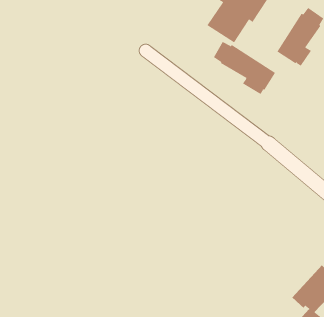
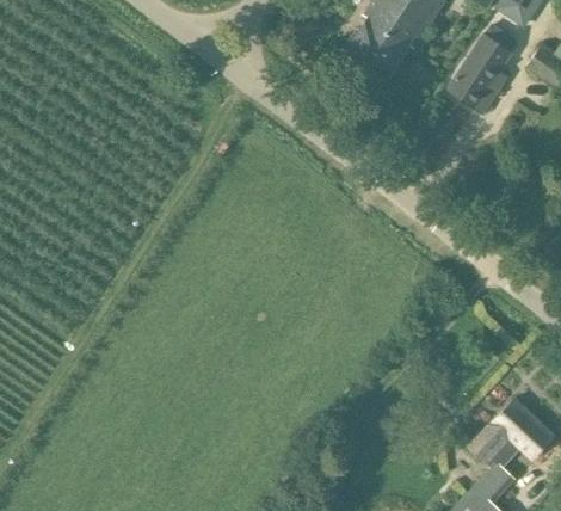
building: [213,41,276,95] -> none

